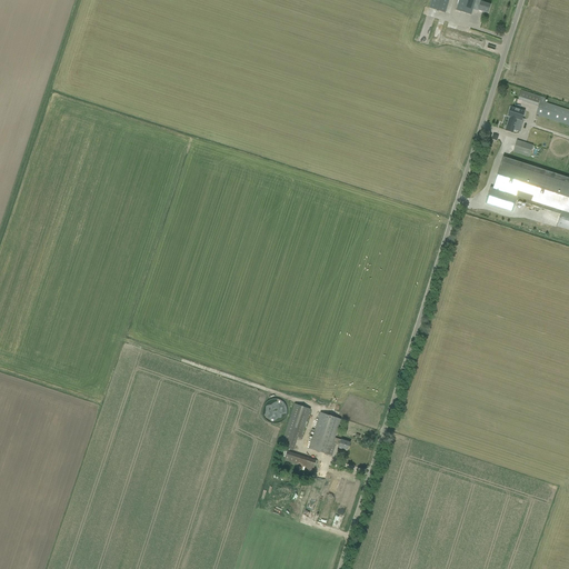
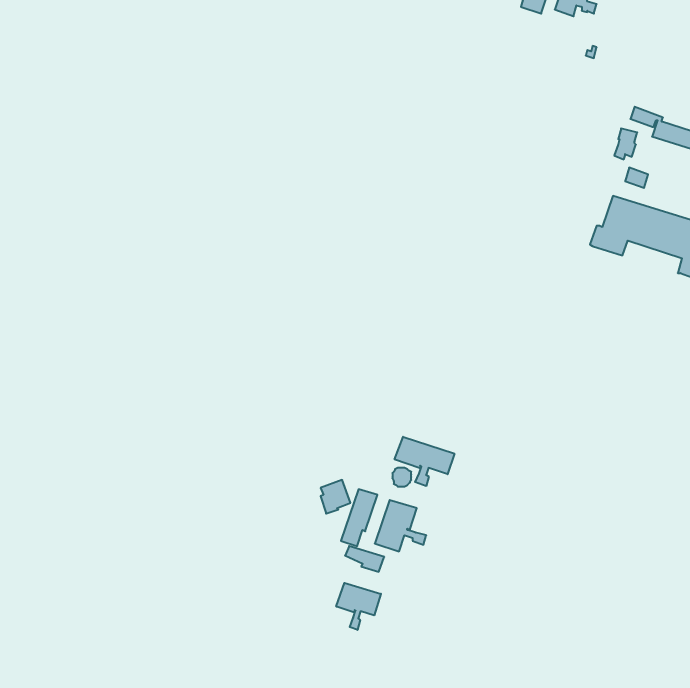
building: none -> [395,437,454,486]
building: none -> [336,583,381,630]

